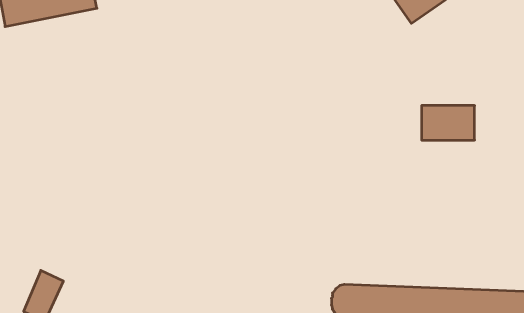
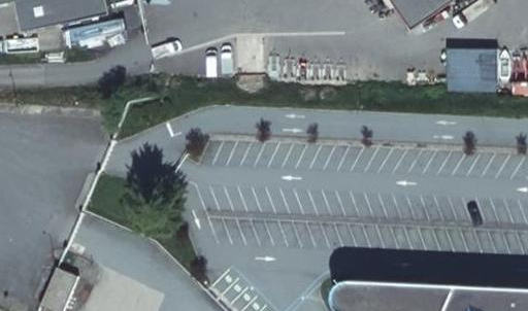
building: [422,106,475,140] -> [444,48,495,81]

